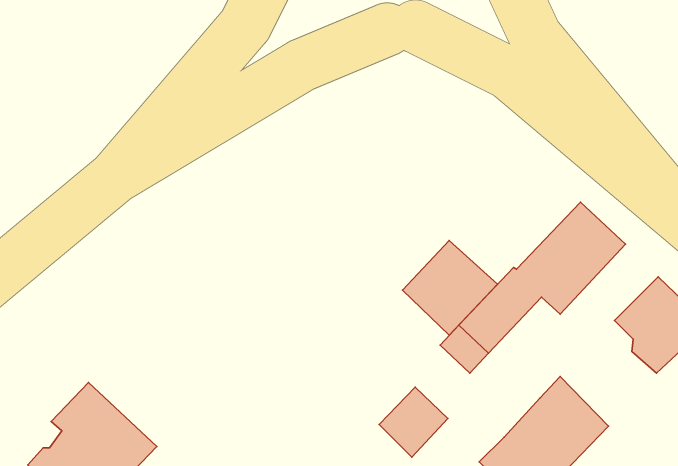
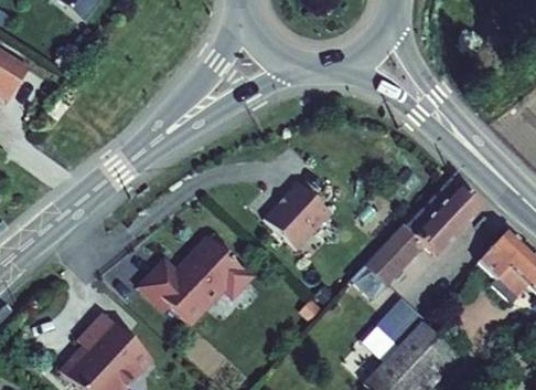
building: [403,240,497,335] -> [264,178,331,245]
building: none -> [140,228,248,319]
building: [379,387,448,457] -> [374,297,422,347]

